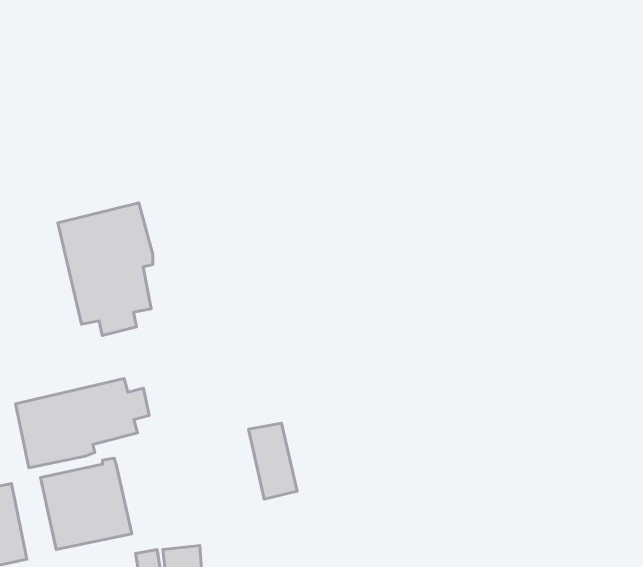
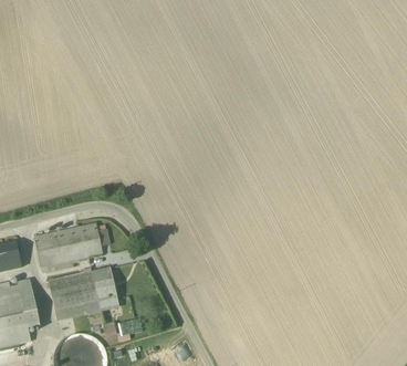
building: [58,203,153,335] -> none
building: [249,423,297,499] -> [91,268,118,311]

